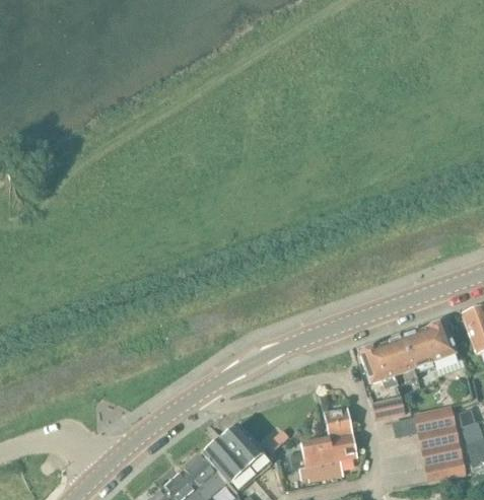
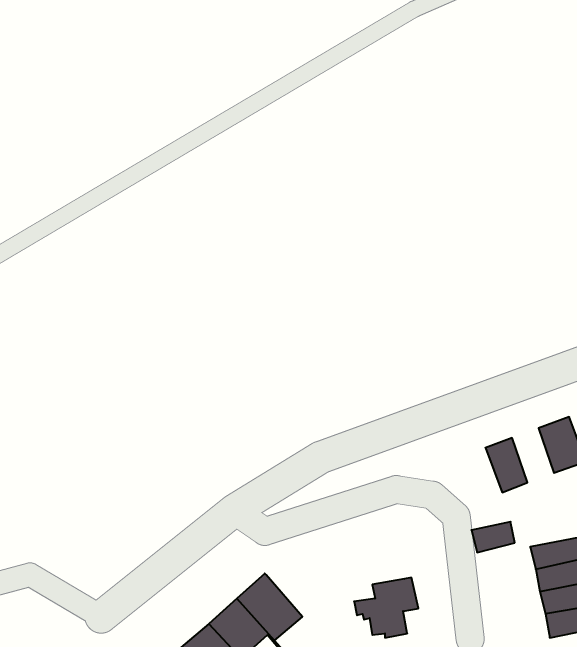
building: [402,330,432,369] -> none
building: [359,344,398,391] -> none
building: [323,409,356,479] -> none
building: [223,424,271,476] -> none

